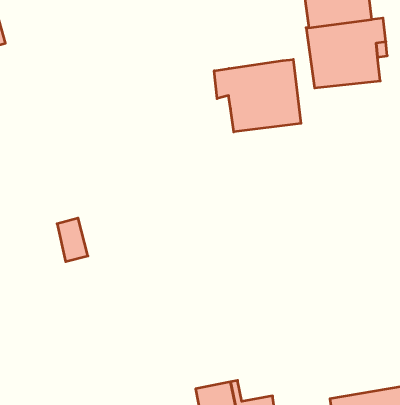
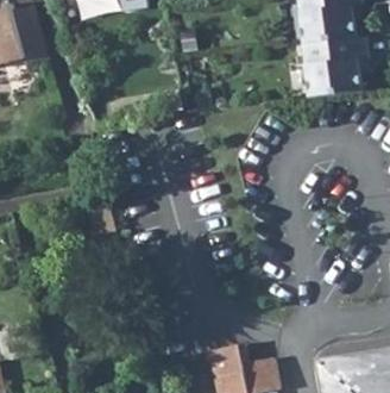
building: [214,59,301,132] -> none

